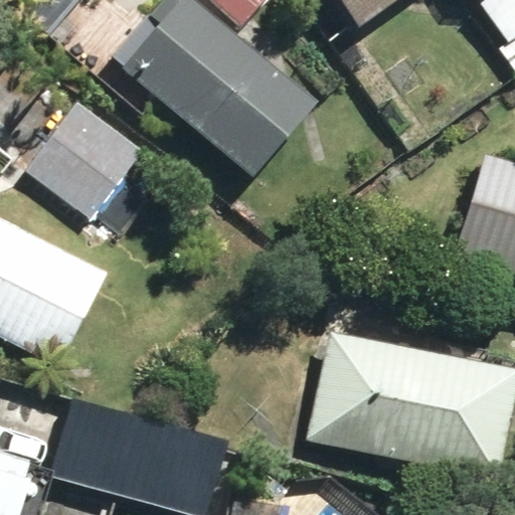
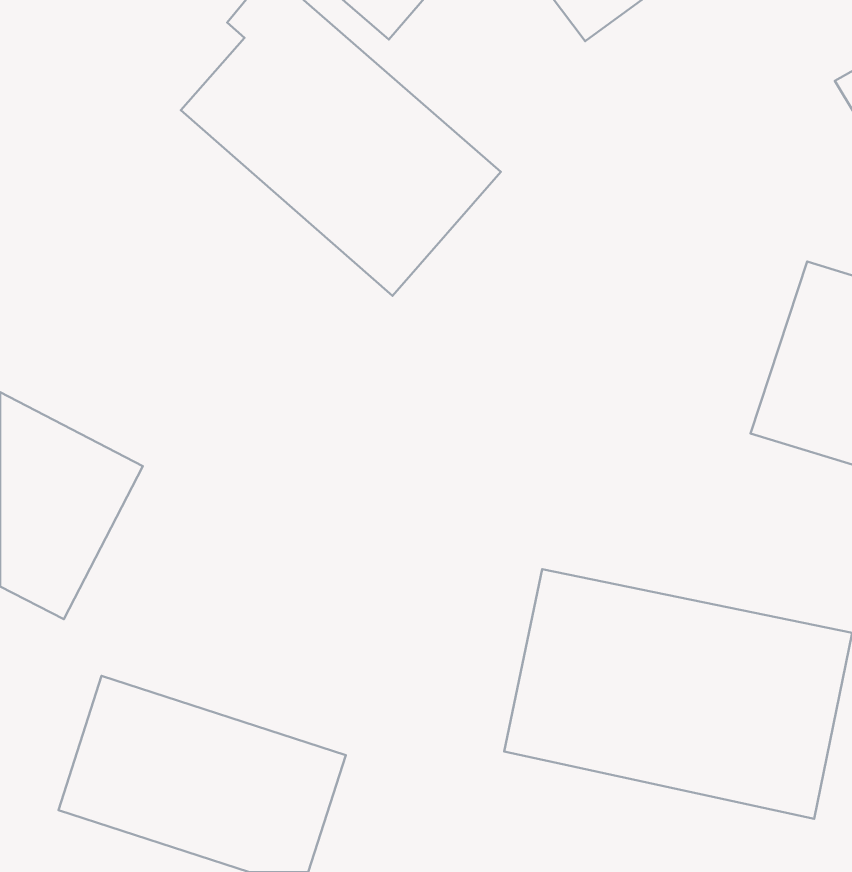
building: [28,101,145,217] -> none

